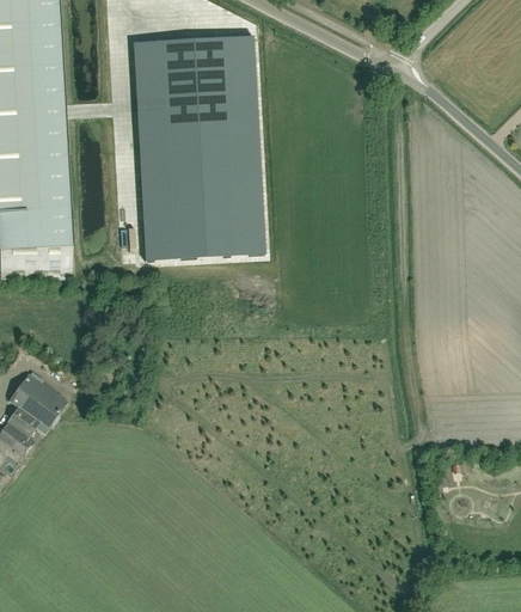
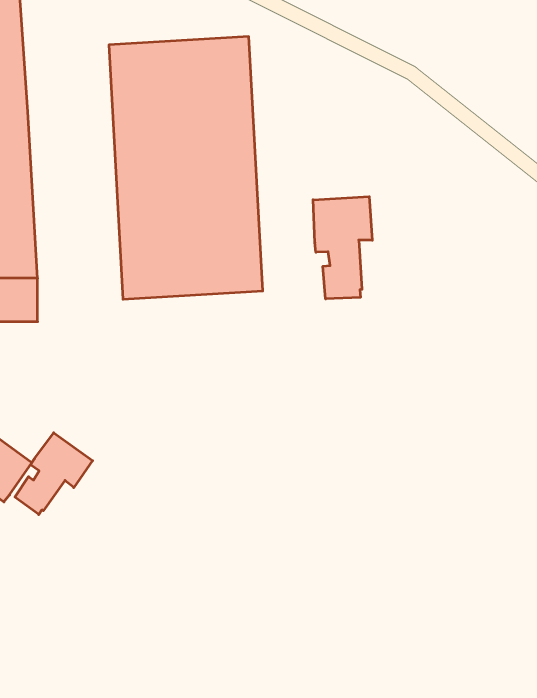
building: none -> [313,197,372,299]
building: none -> [15,433,93,515]

